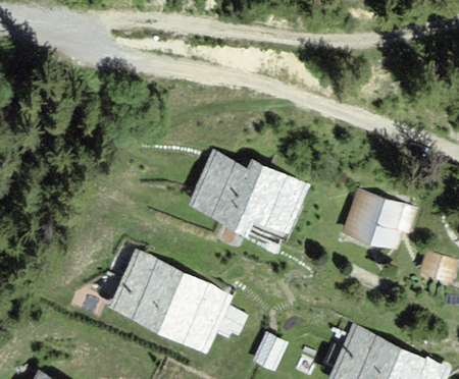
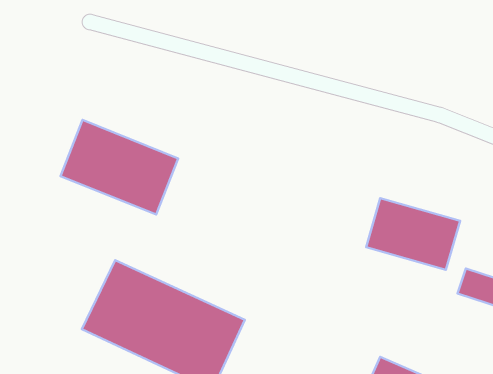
building: none -> [61,120,178,215]
building: [187,145,311,247] -> none

